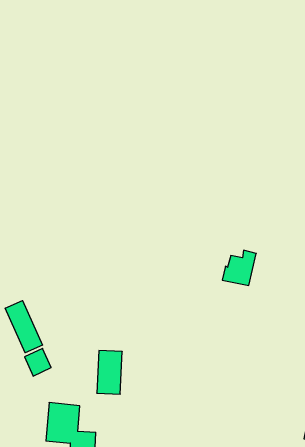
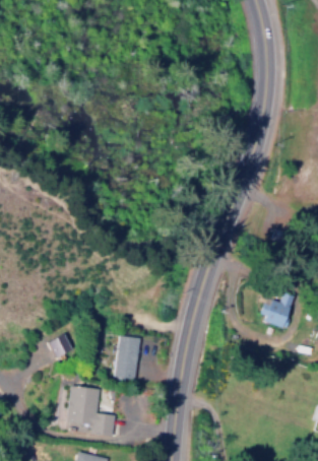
building: [222,250,256,285] -> [261,294,294,328]
building: [5,301,42,353] -> none

